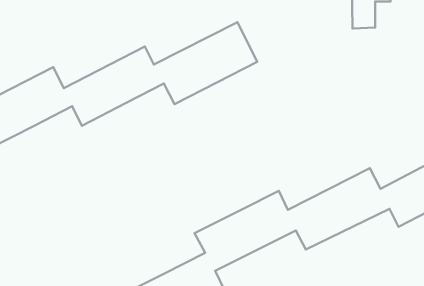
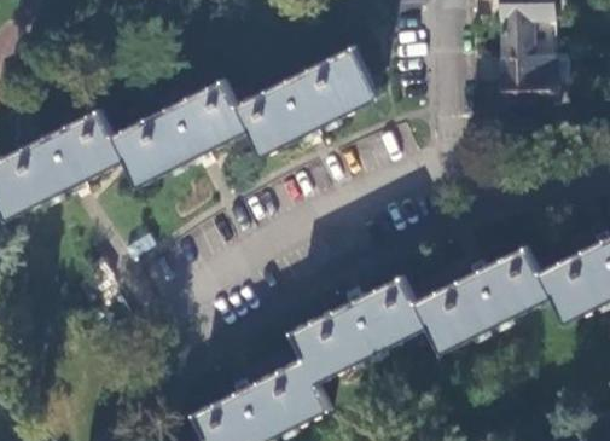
building: none -> [502,54,559,105]

